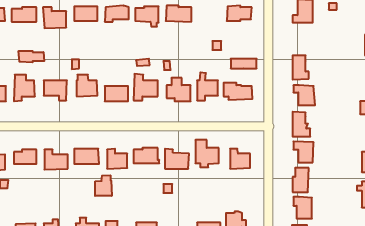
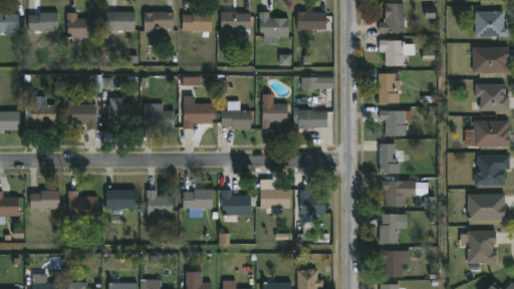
building: none -> [259,12,290,43]
building: none -> [379,40,407,65]
building: [19,51,44,62] -> none
building: [95,175,112,196] -> none

